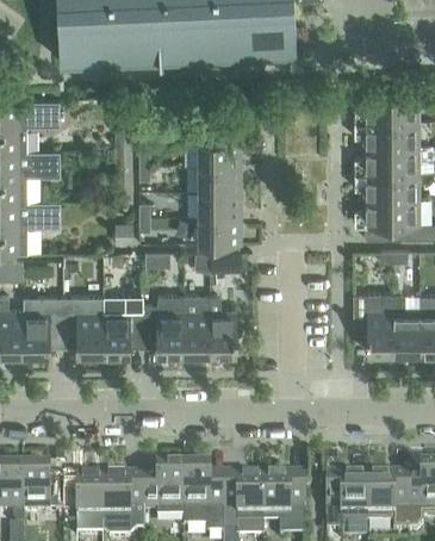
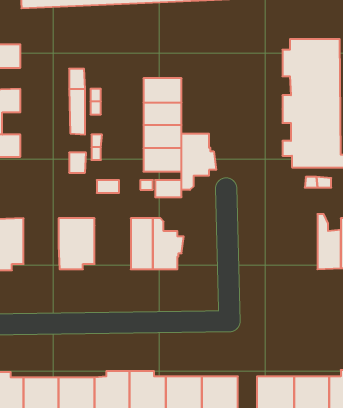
building: none -> [182,134,216,190]
building: [353,292,393,354] -> none
building: [63,297,104,354] -> none
building: [143,297,184,354] -> none

